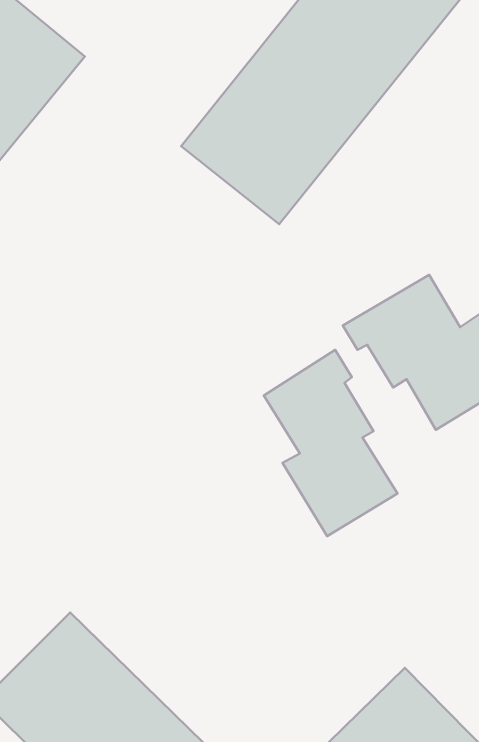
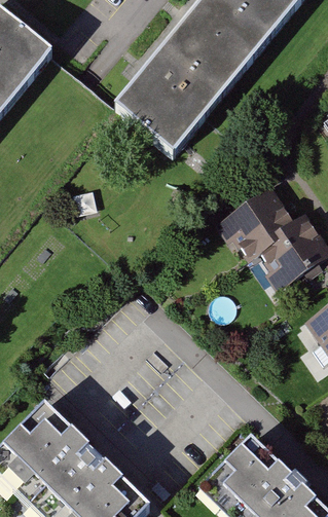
building: [264,350,398,536] -> none

